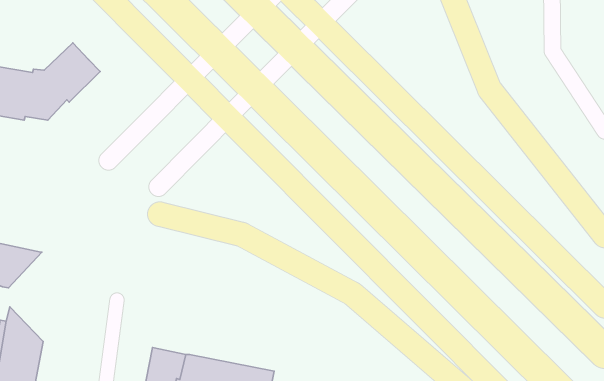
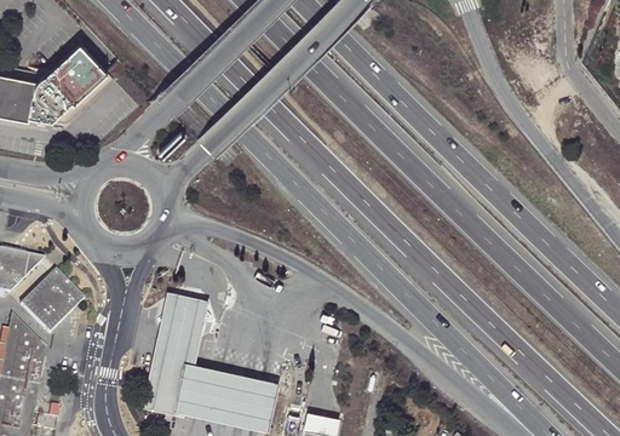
building: none -> [19,271,84,337]
building: none -> [153,292,206,365]

